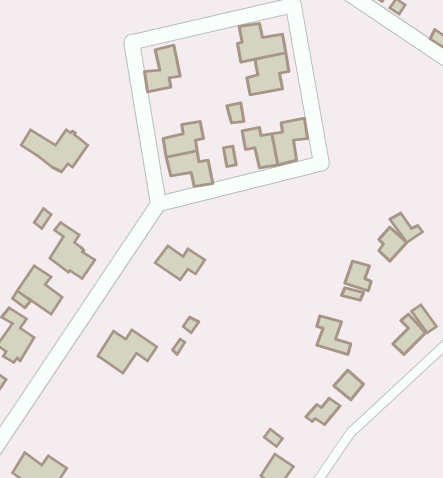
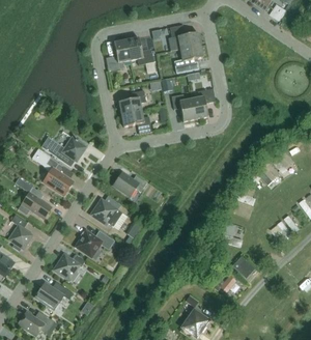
building: none -> [125,37,153,64]
building: [21,130,88,172] -> [41,137,86,165]
building: none -> [91,200,122,226]
building: none -> [54,254,85,280]
building: none -> [35,283,73,309]

